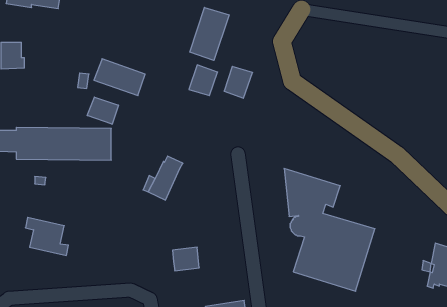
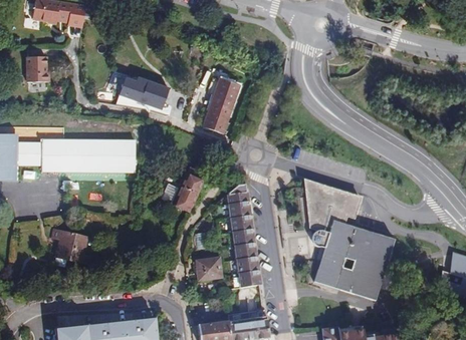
building: [190,7,229,60] -> none
building: [224,66,253,98] -> [204,102,232,133]
building: [87,97,118,124] -> none
building: none -> [228,185,260,288]

